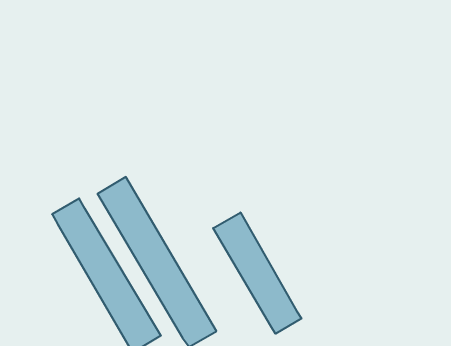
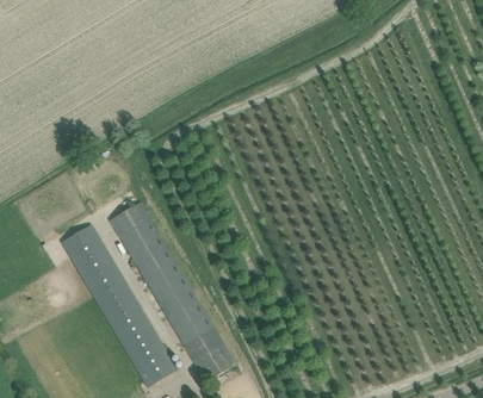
building: [213,212,301,334] -> none

